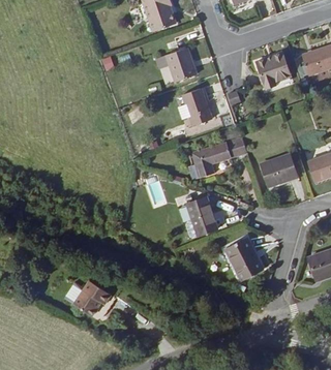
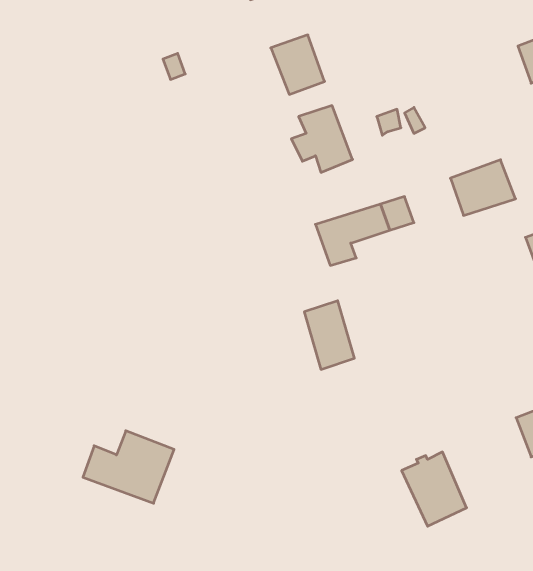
building: [257,50,293,83] -> none
building: [260,152,296,183] -> [450,160,516,215]
building: [220,236,257,277] -> [402,452,467,526]

